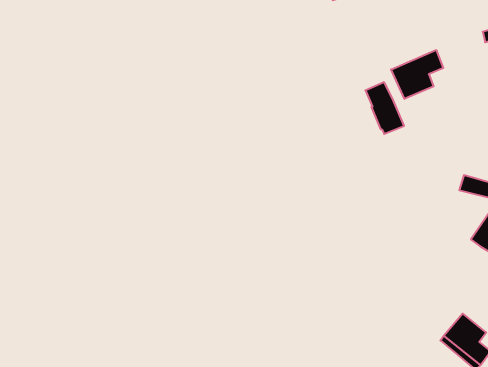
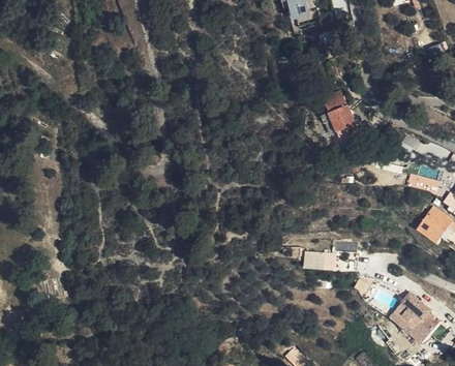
building: [391,50,443,99] -> none
building: none -> [304,251,336,269]

